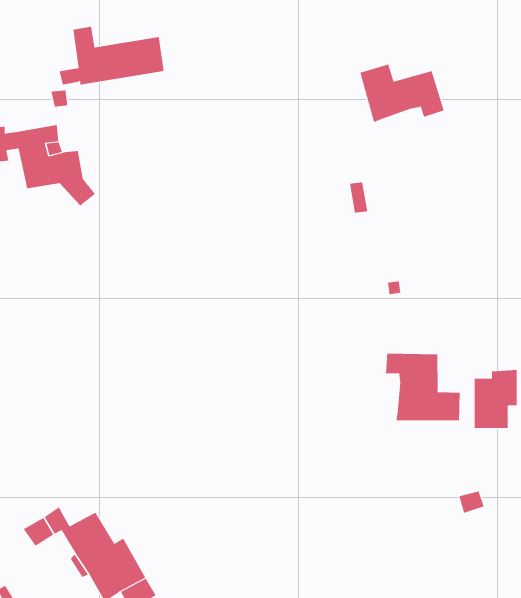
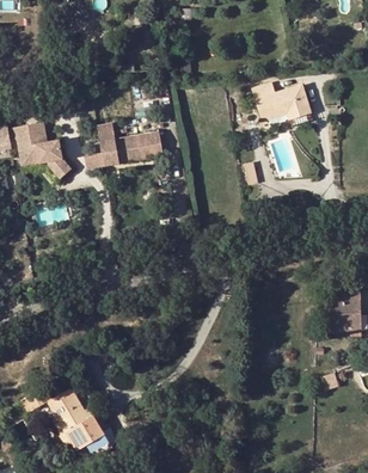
building: [59,26,165,85] -> [90,124,162,165]
building: [386,353,460,421] -> none

